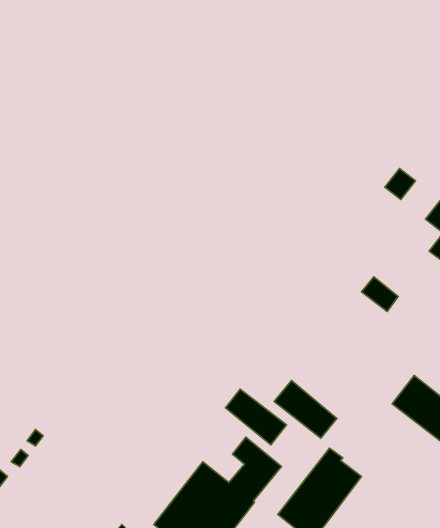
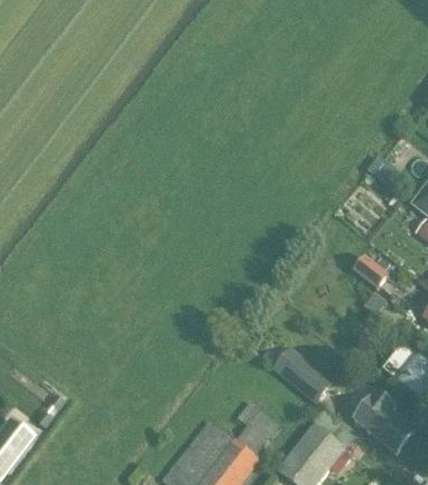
building: [225,389,286,445] -> none
building: none -> [354,388,415,452]

